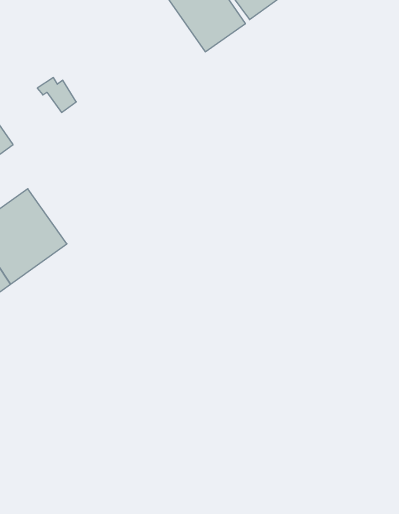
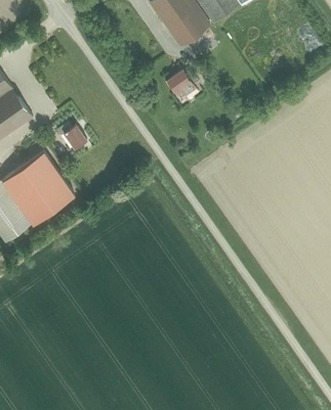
building: [37,78,76,112] -> [57,124,87,150]
building: none -> [168,71,200,96]

